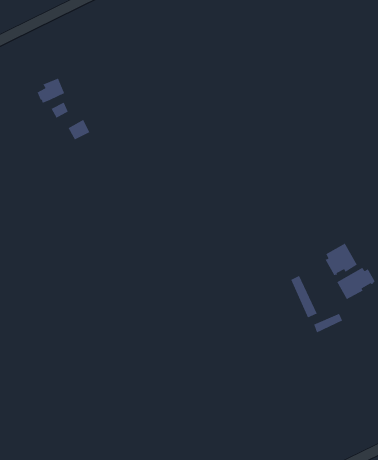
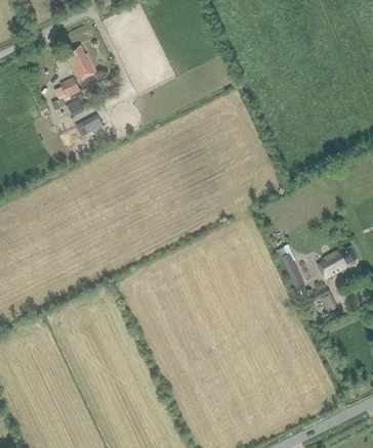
building: none -> [68,44,95,79]
building: [324,242,358,276] -> none

